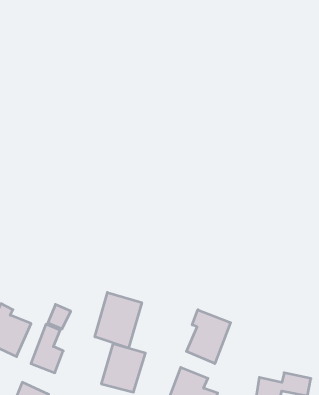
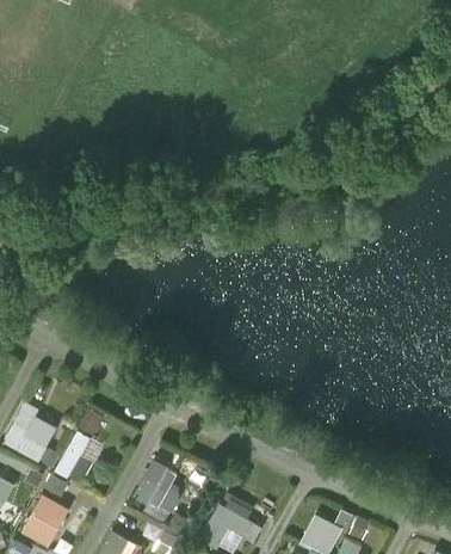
building: [95,292,142,348] -> none
building: [186,310,231,364] -> none

